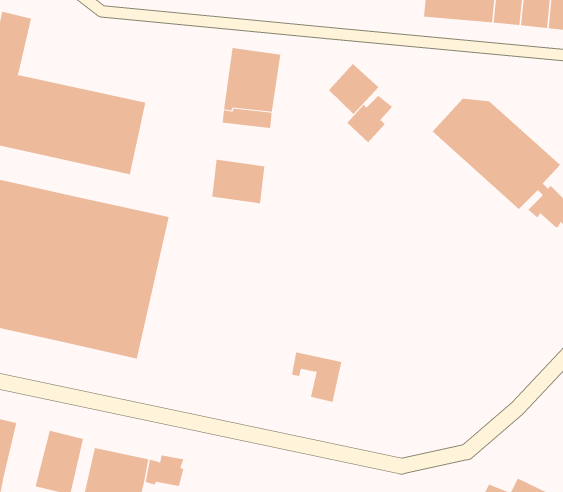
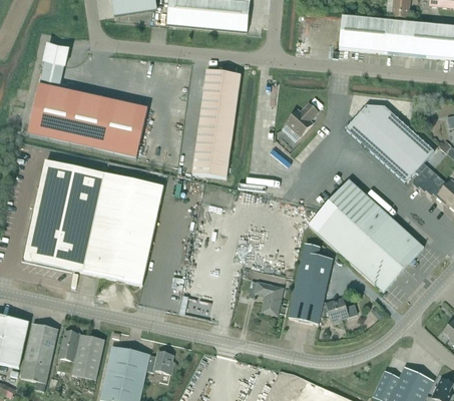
building: [328,63,379,115] -> none
building: none -> [195,121,234,151]
building: none -> [309,179,423,292]
building: none -> [289,243,357,324]
building: none -> [58,330,80,361]

